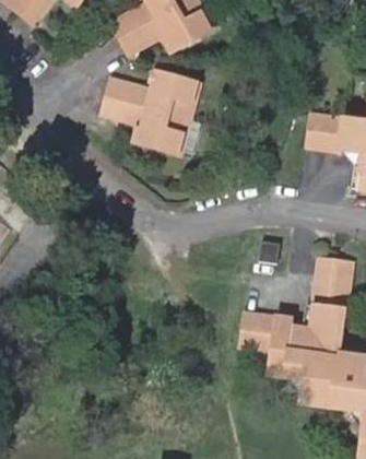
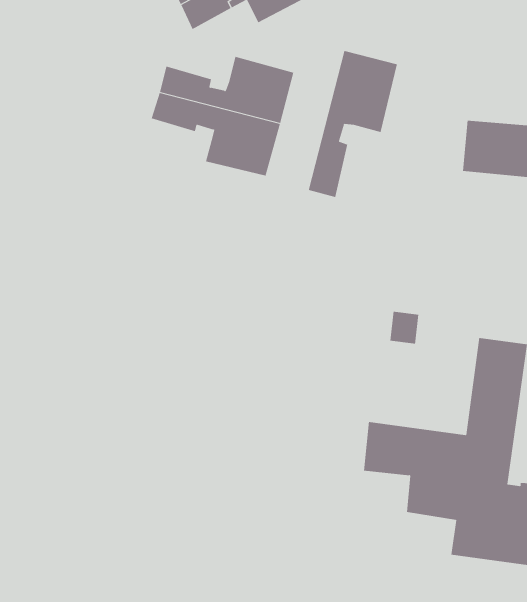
building: none -> [308,50,397,198]

